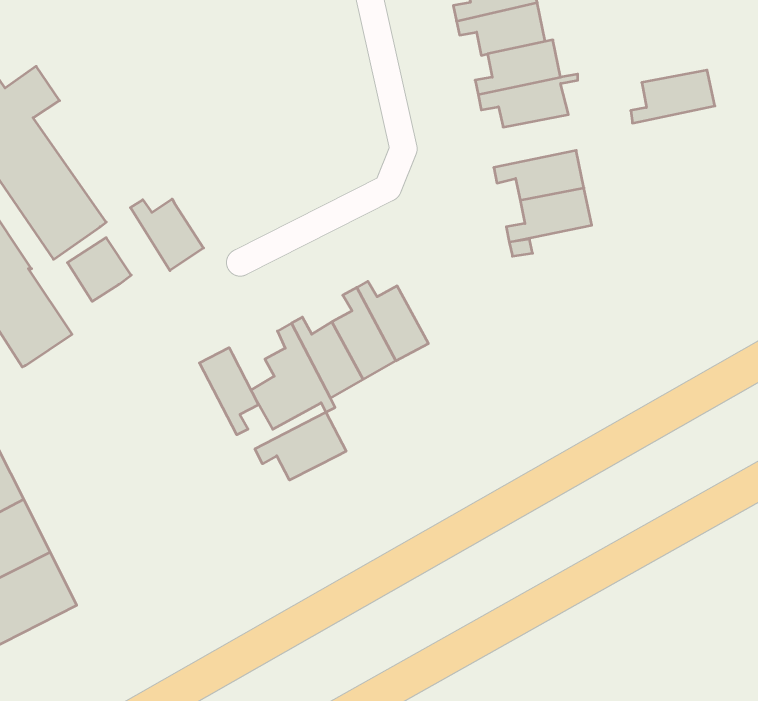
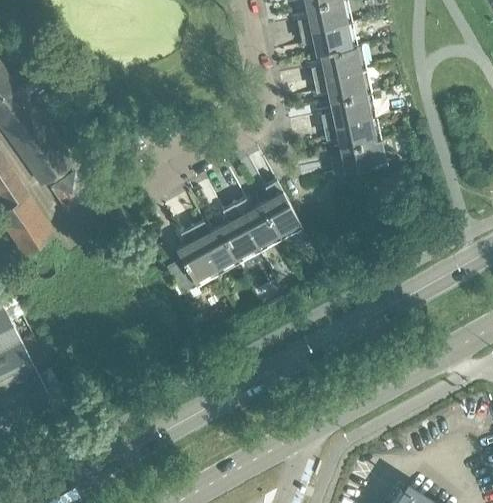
building: [631,70,715,123] -> [320,90,374,124]
building: [130,199,204,271] -> none
building: none -> [259,178,301,237]
building: [199,348,258,435] -> none
building: [255,412,346,480] -> none

